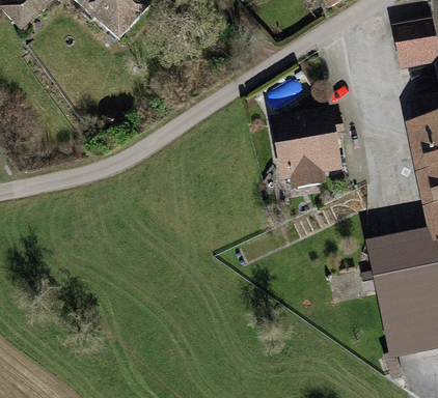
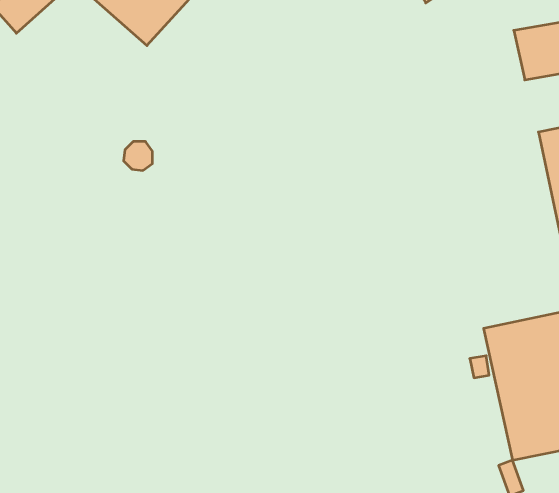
building: [274,114,338,174] -> none

